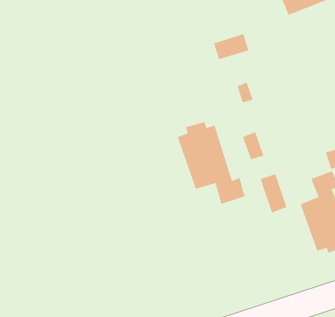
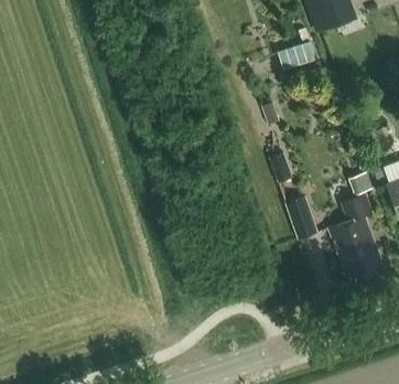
building: [213,34,249,60] -> [278,41,315,68]
building: [177,121,245,204] -> none

